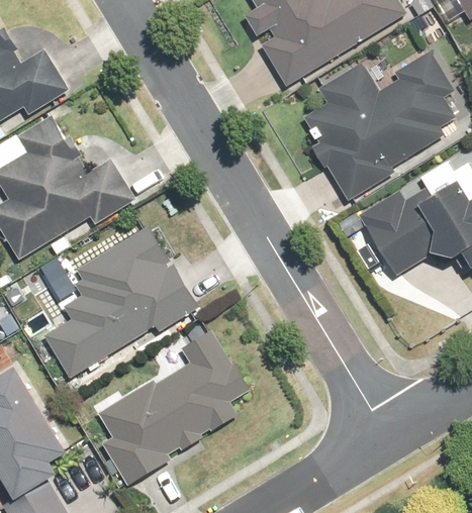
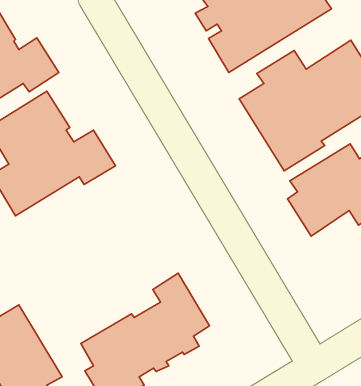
building: [43,225,202,377] -> none

